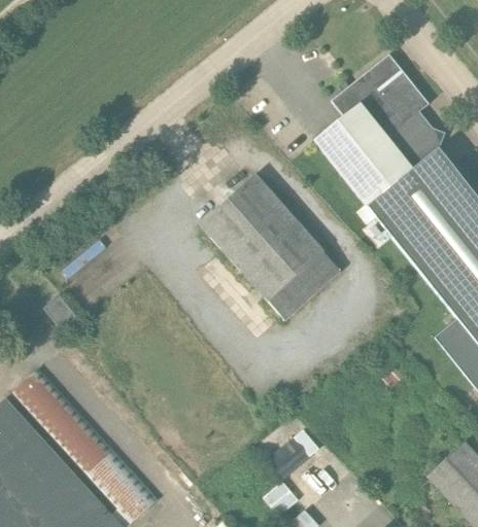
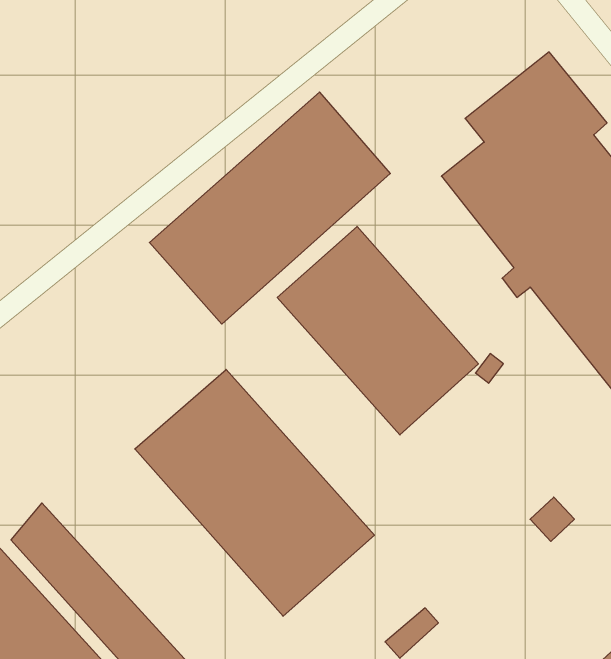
building: none -> [149,92,390,324]
building: none -> [135,369,374,616]

